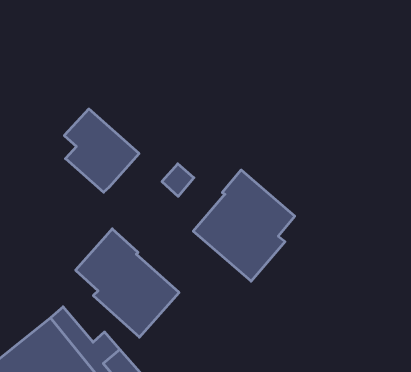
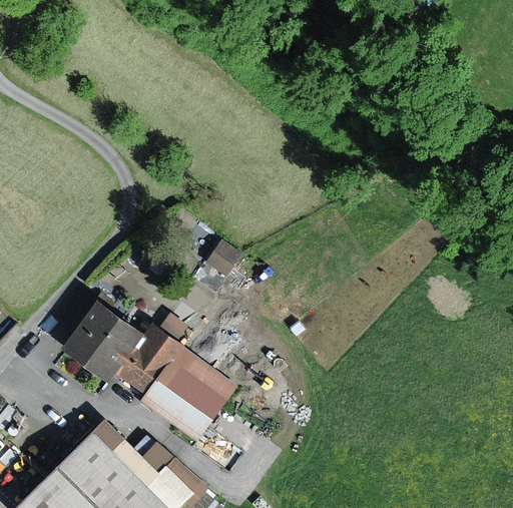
building: [64,109,139,192] -> [59,289,146,382]
building: [193,170,295,281] -> none

